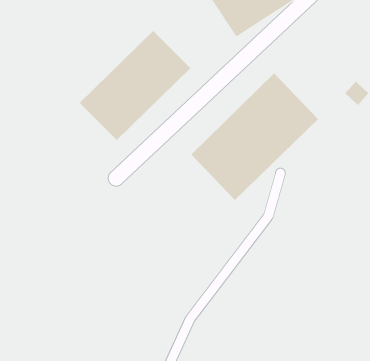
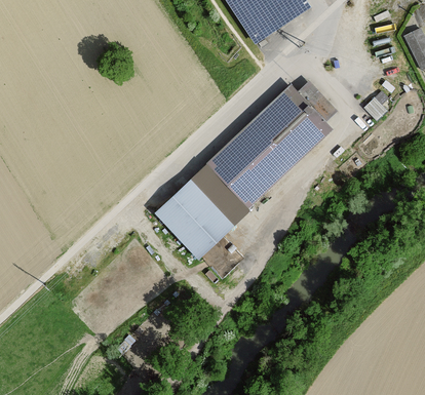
building: [79,30,191,141] -> none
building: none -> [157,161,253,256]

